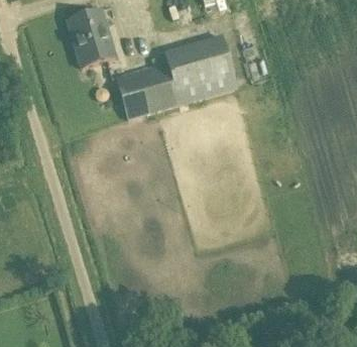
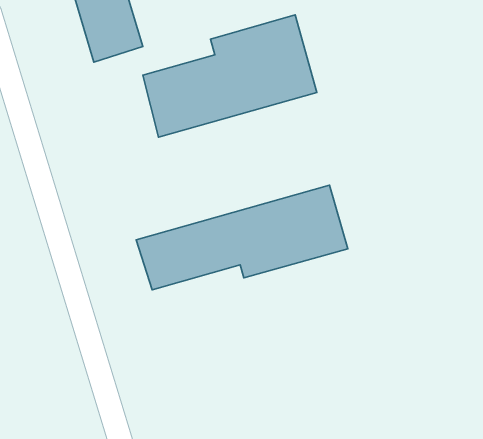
building: none -> [136,185,348,290]

